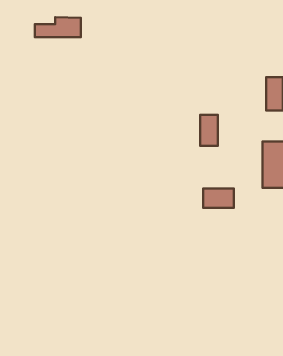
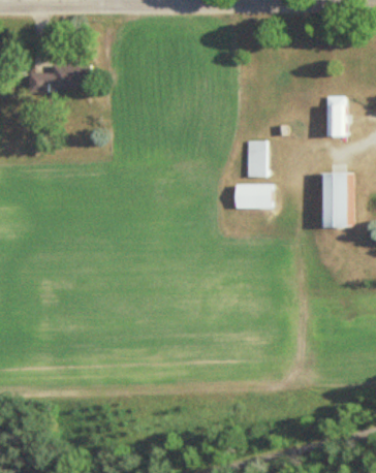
building: [35,17,81,37] -> [28,64,82,88]
building: [203,189,234,208] -> [234,184,271,207]

